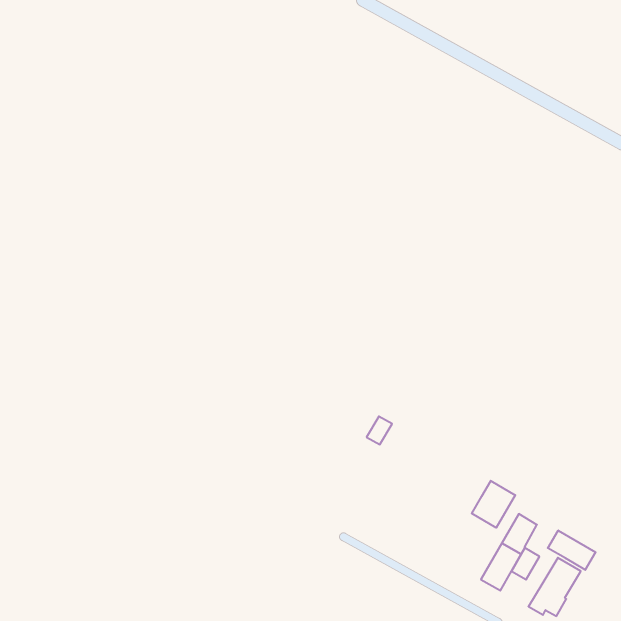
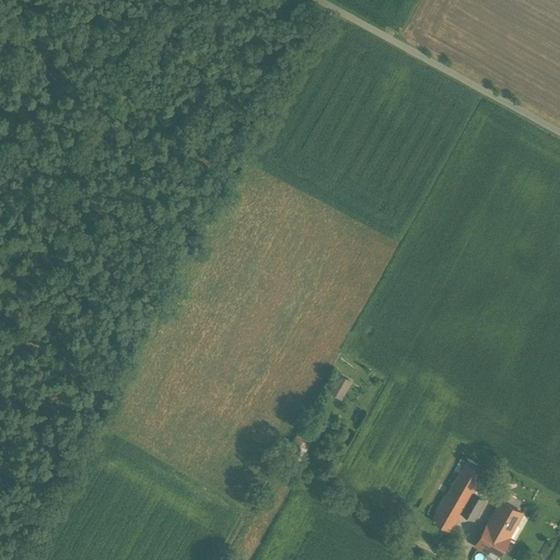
building: [472,481,515,528] -> none
building: [548,530,596,570] -> none

